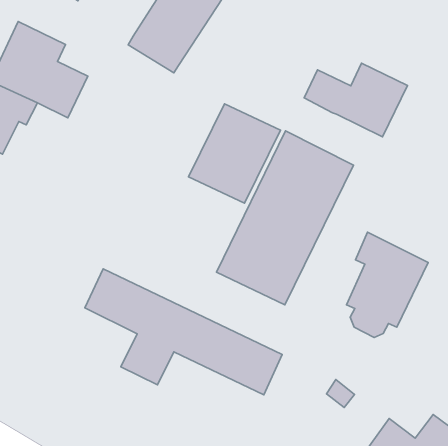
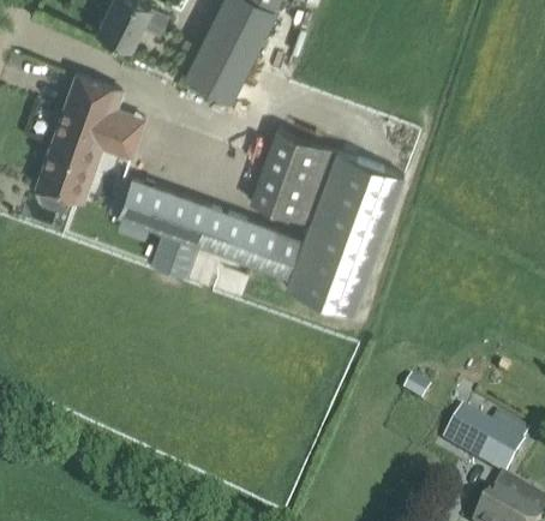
building: [304,63,408,137] -> none
building: [347,232,428,338] -> none
building: [85,269,282,395] -> [109,174,299,277]

